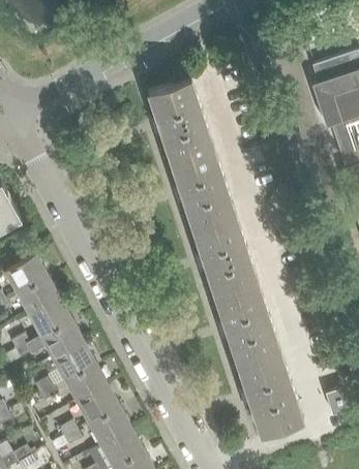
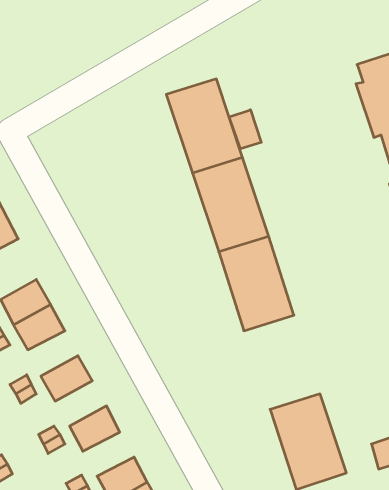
building: none -> [229,110,261,149]
building: [214,283,280,365] -> none
building: [27,296,70,336] -> none
building: [51,340,95,379] -> none
building: [74,384,119,423] -> none

